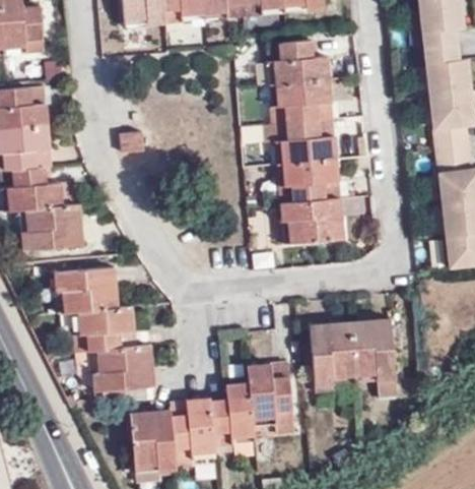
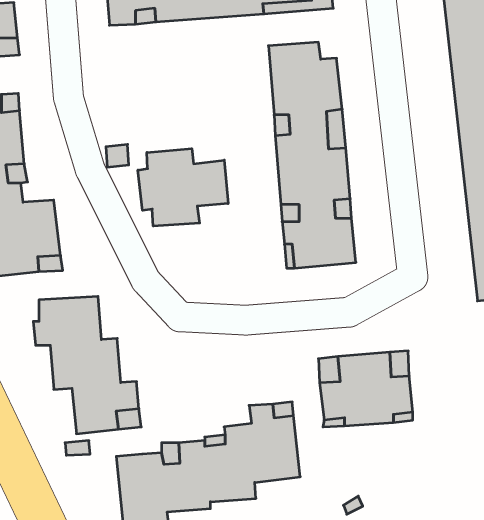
building: none -> [138,149,228,226]

